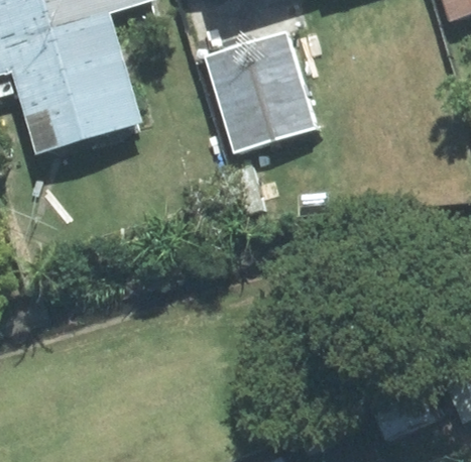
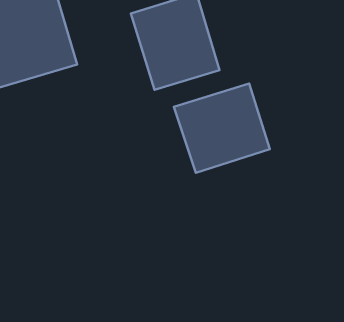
building: none -> [174,83,270,173]

